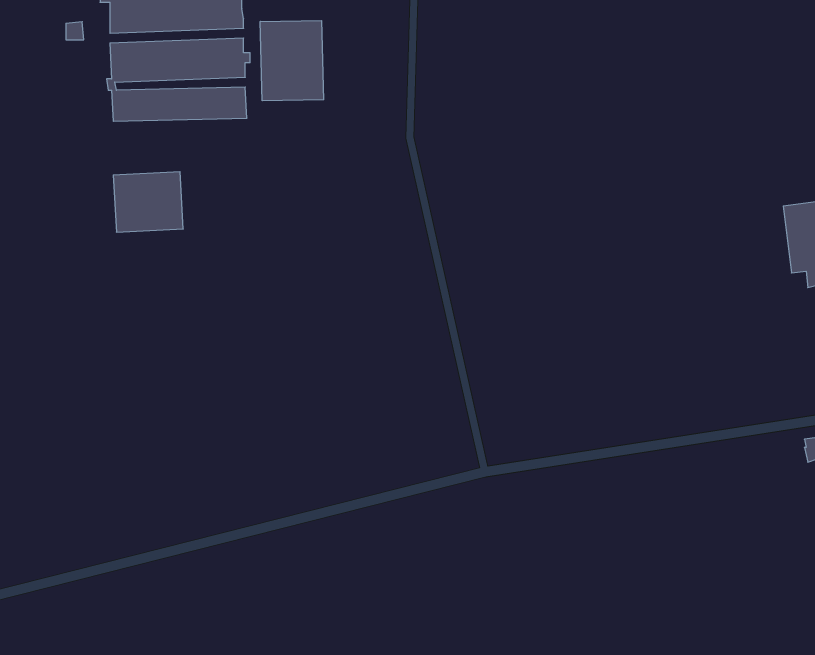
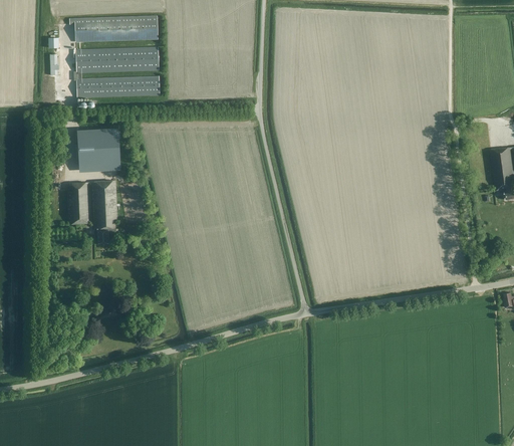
building: [260,21,324,101] -> none
building: none -> [68,180,119,243]

